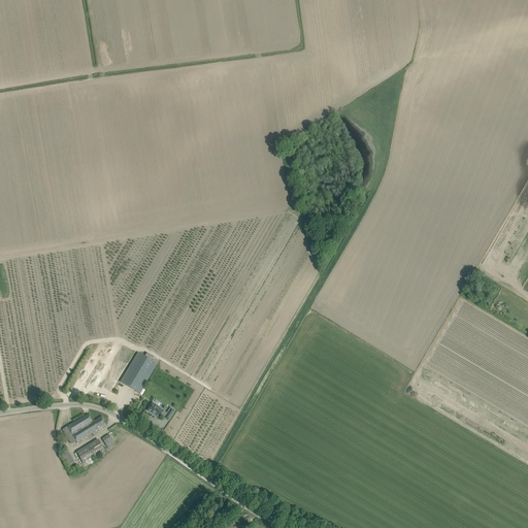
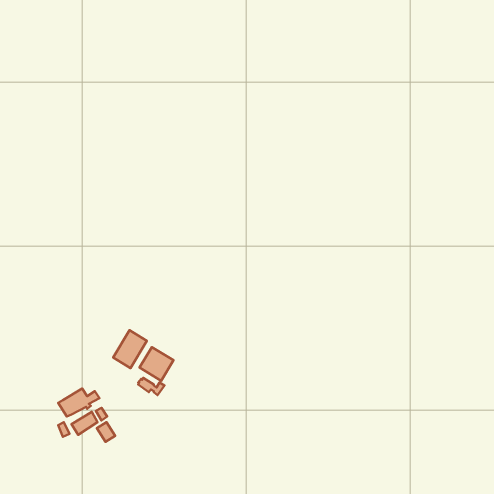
building: none -> [140,347,174,381]

